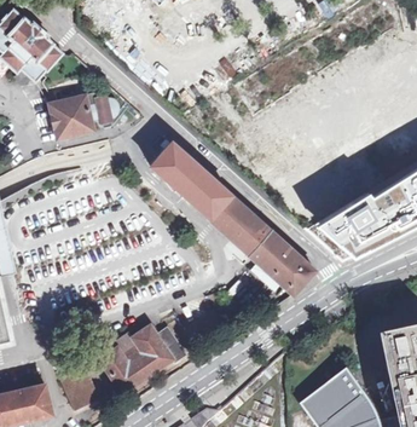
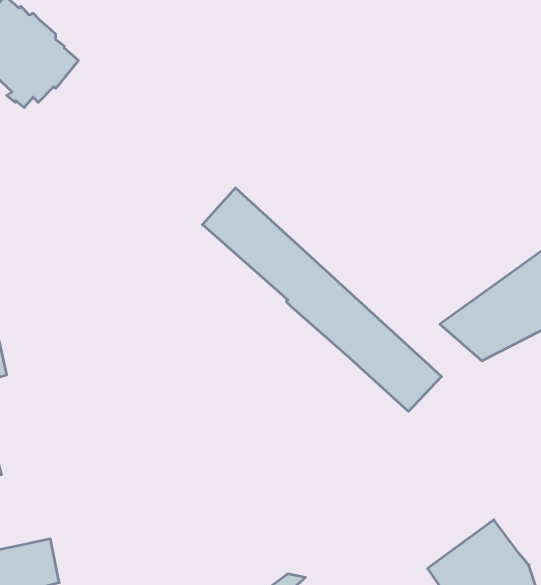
building: [48,92,118,139] -> none
building: [98,325,187,394] -> none
building: [59,367,99,406] -> none

